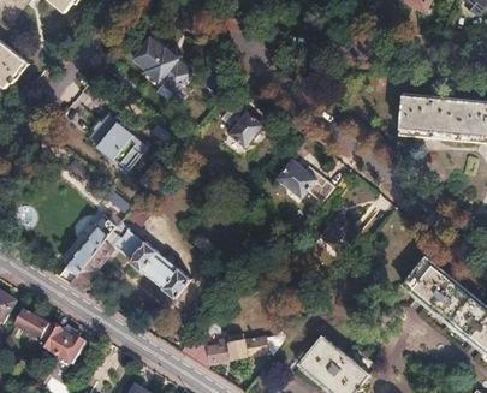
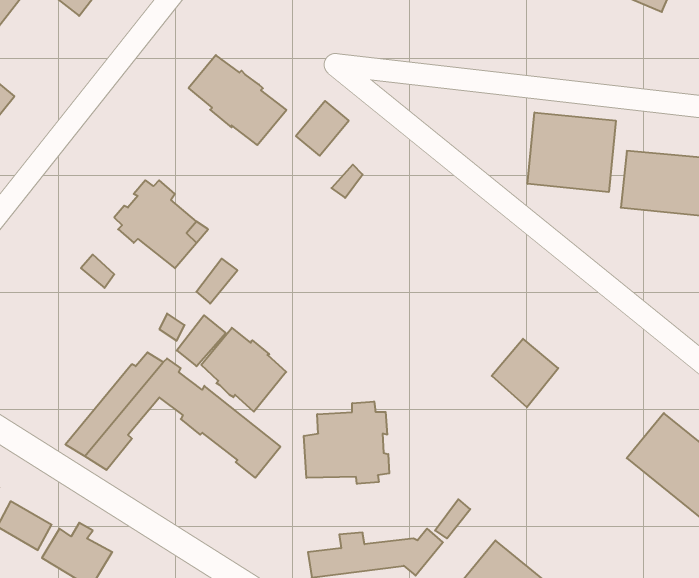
building: none -> [528,112,616,192]
building: [228,112,261,145] -> [296,101,349,156]
building: [275,156,333,201] -> none
building: none -> [201,328,286,412]
building: none -> [304,401,389,484]

